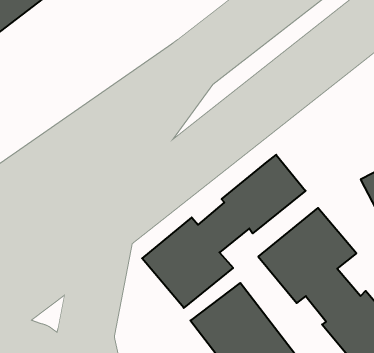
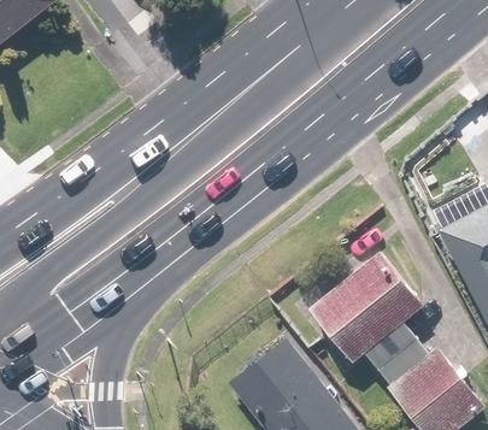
building: [142,155,306,308] -> none

